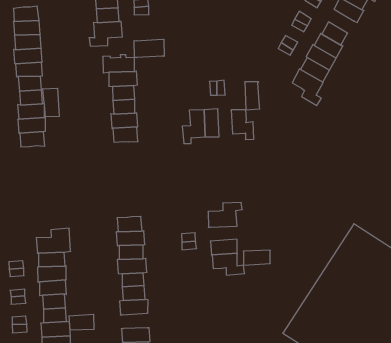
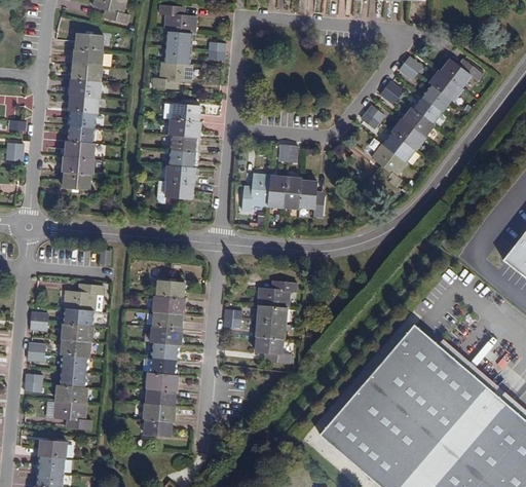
building: none -> [421,84,450,112]
building: [134,39,164,58] -> none
building: [245,82,260,110] -> [283,176,301,208]
building: [43,88,59,117] -> none
building: [243,250,270,265] -> [257,305,289,323]
building: [69,314,94,330] -> [147,388,176,407]

